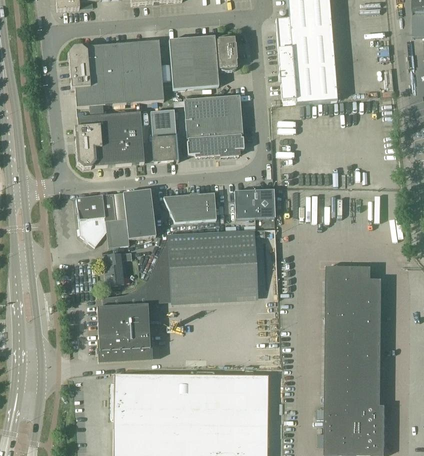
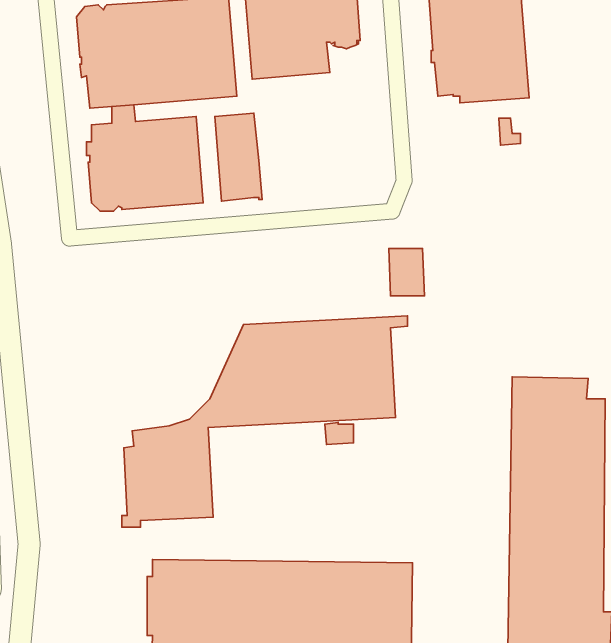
building: [184,95,244,156] -> none
building: [76,190,156,249] -> none
building: [234,190,255,219] -> none
building: [164,193,217,223] -> none
building: [105,253,125,286] -> none

